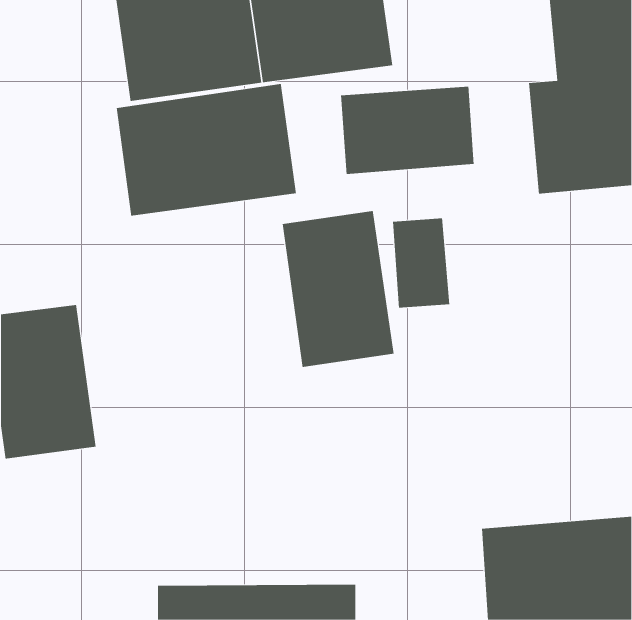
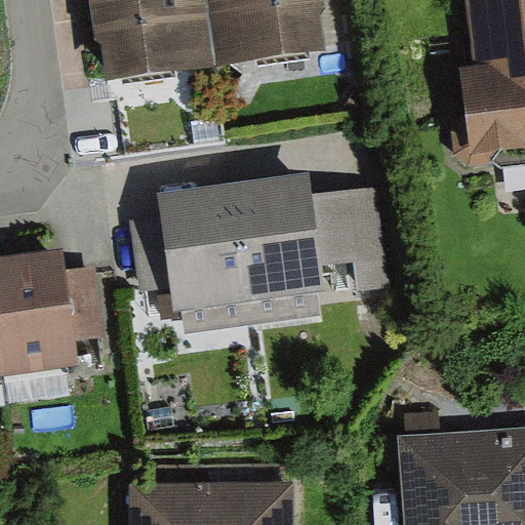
building: [116,83,296,217] -> none
building: [341,86,474,175] -> none
building: none -> [158,186,250,315]

